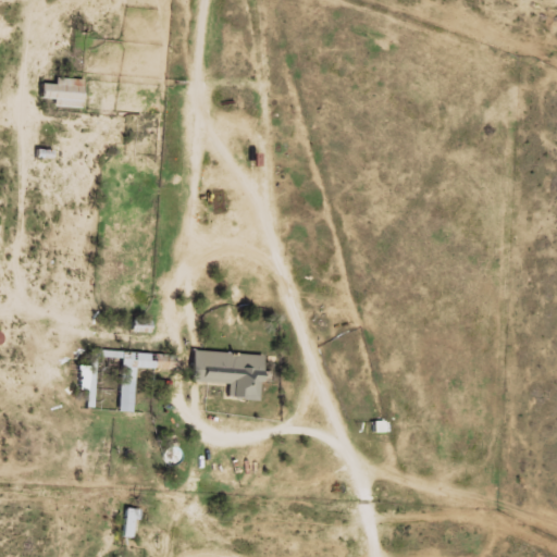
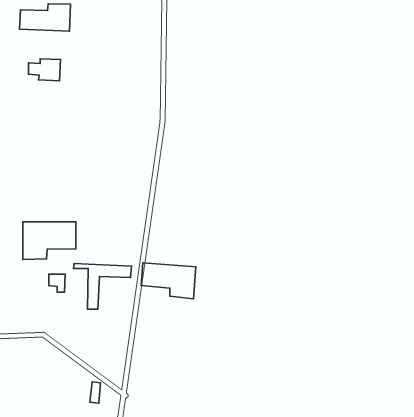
building: none -> [19,4,71,31]
building: none -> [23,222,76,260]

